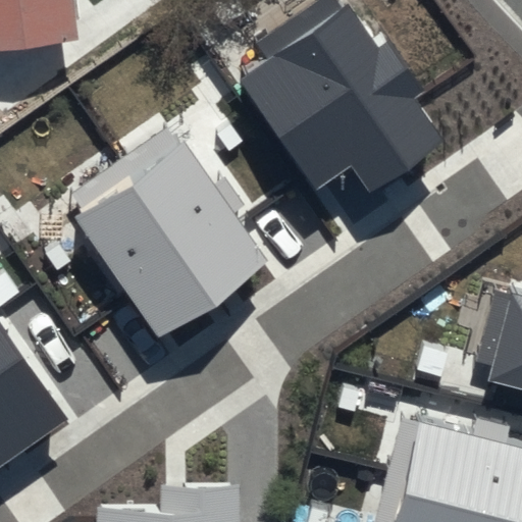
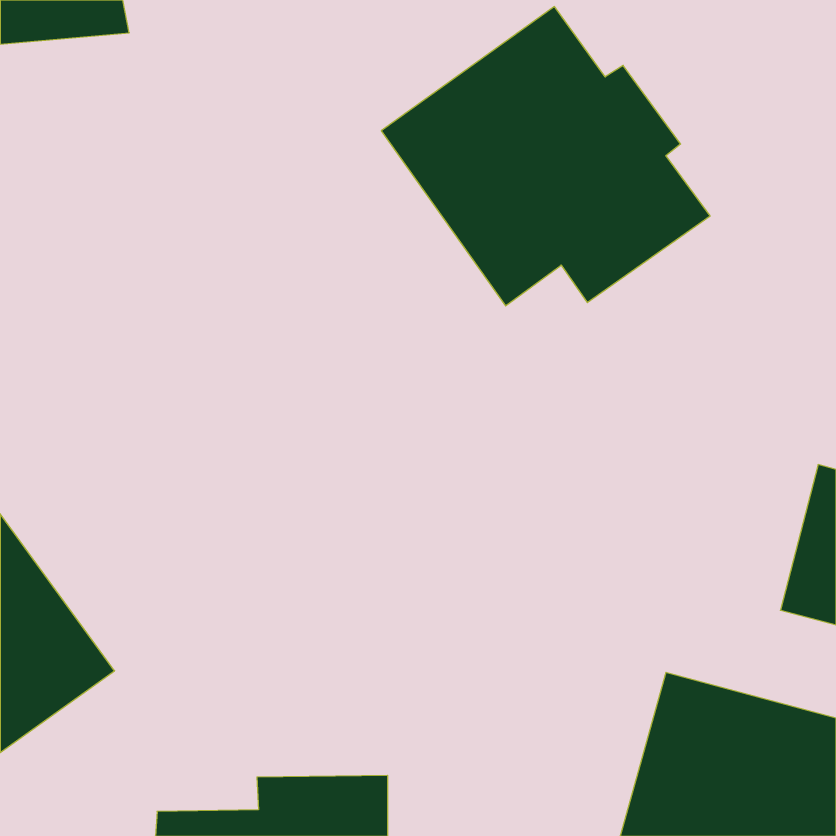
building: [72,141,267,337] -> none

